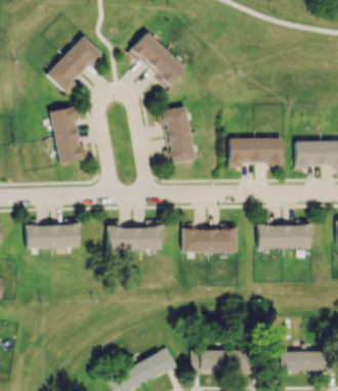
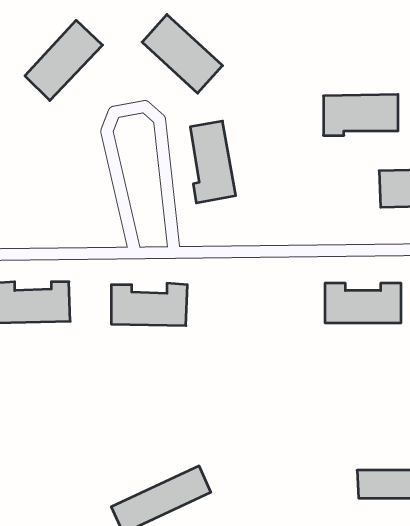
building: [50,106,87,162] -> none
building: [229,138,282,167] -> [323,94,398,135]
building: [182,223,236,252] -> none
building: [192,350,253,373] -> none

